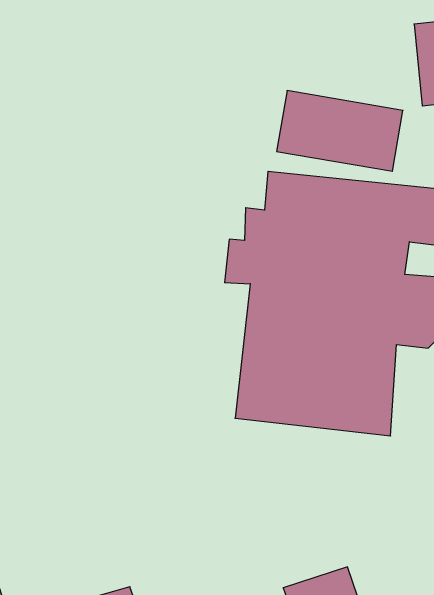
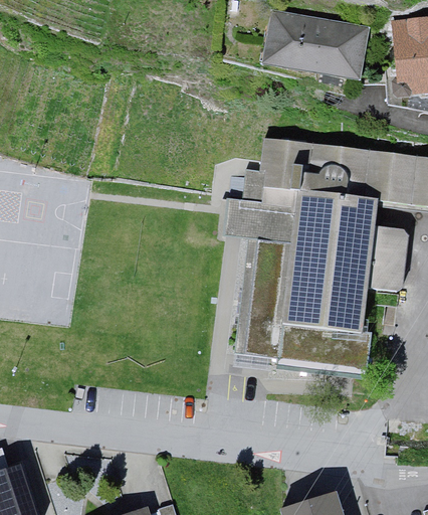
building: [277,91,403,171] -> [259,9,368,78]

